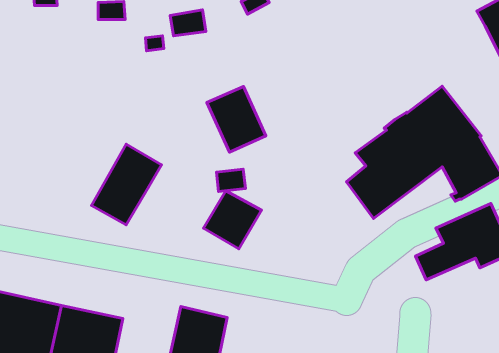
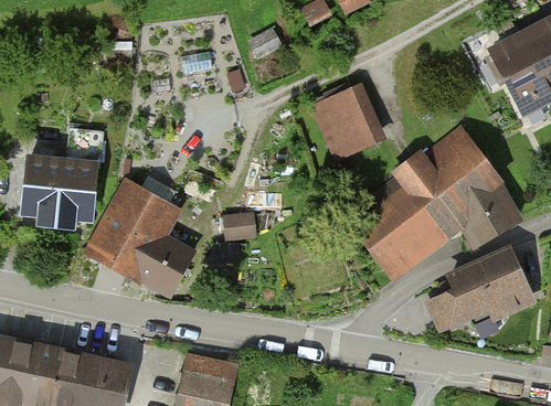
building: [207,87,266,152] -> [315,90,375,158]
building: none -> [24,131,102,216]
building: [203,191,261,249] -> [133,233,192,292]

